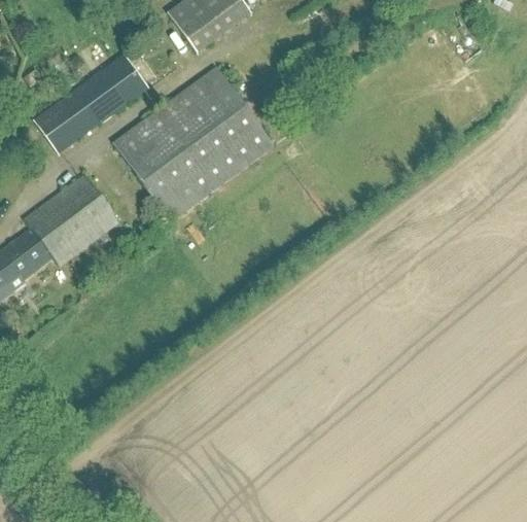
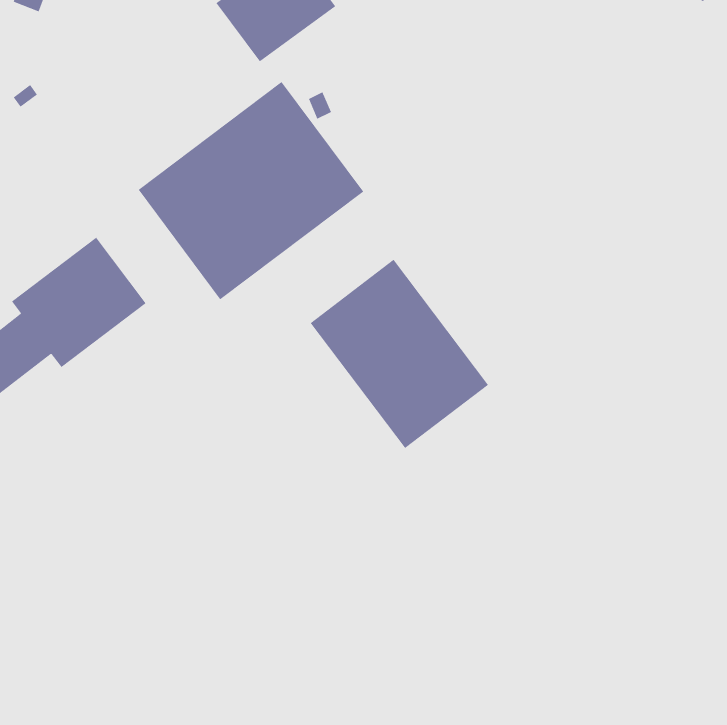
building: [35,55,146,150] -> none
building: none -> [310,259,489,449]

